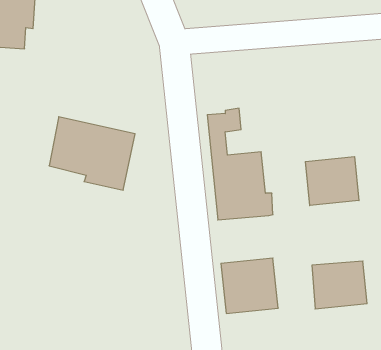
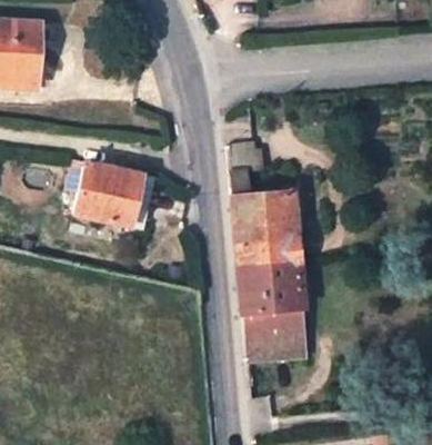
building: [305,157,359,206] -> none
building: [312,261,367,309] -> [239,261,297,312]

